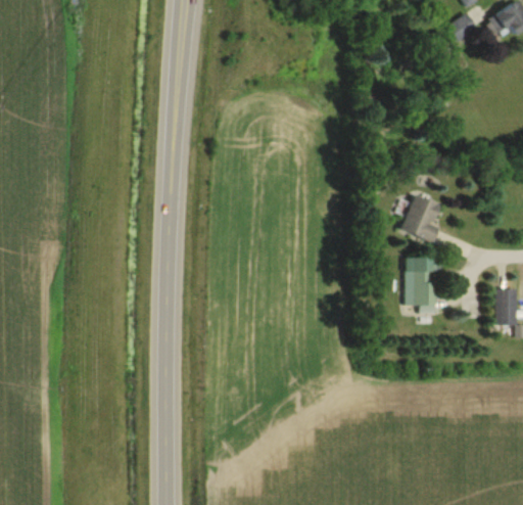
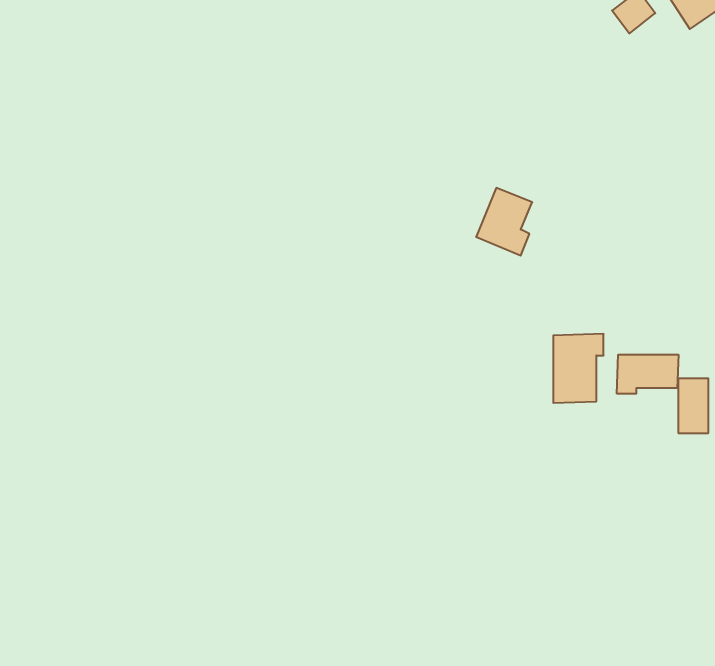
building: [400,194,440,242] -> [476,188,532,256]
building: none -> [617,355,678,394]

